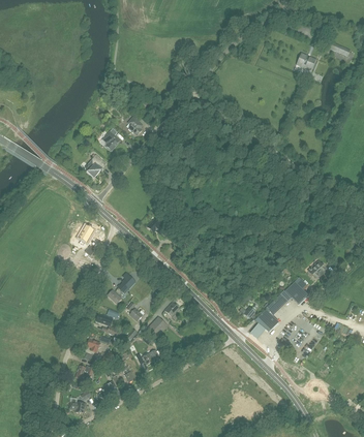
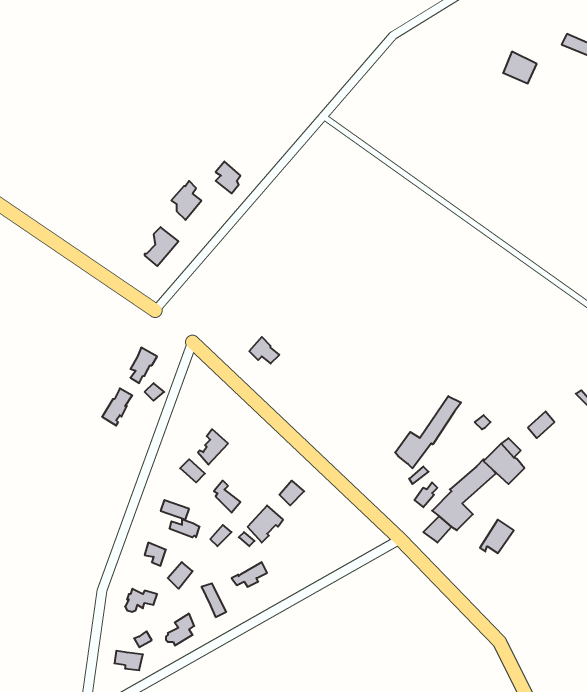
building: none -> [395,396,461,468]

